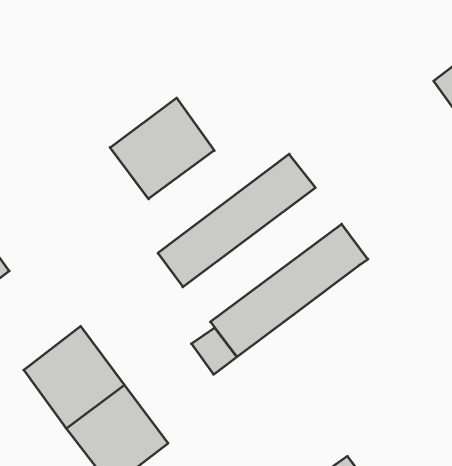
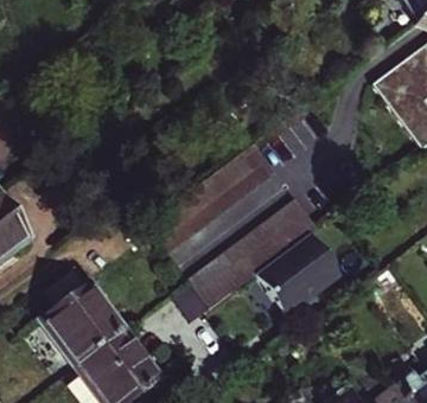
building: [110,98,214,199] -> none
building: none -> [261,231,345,312]

